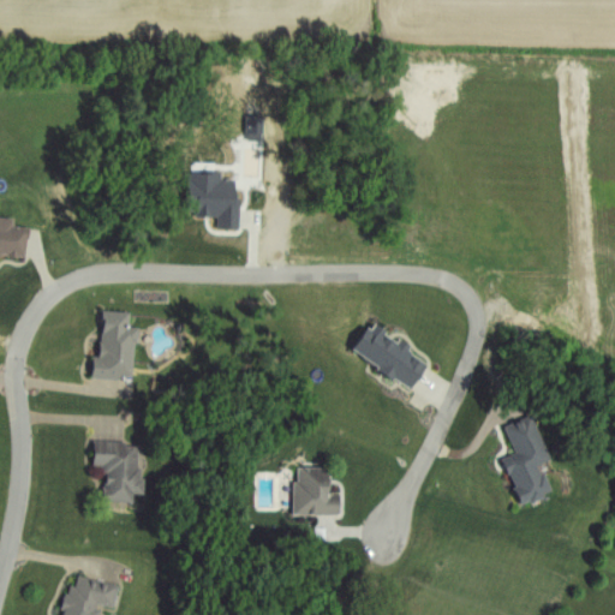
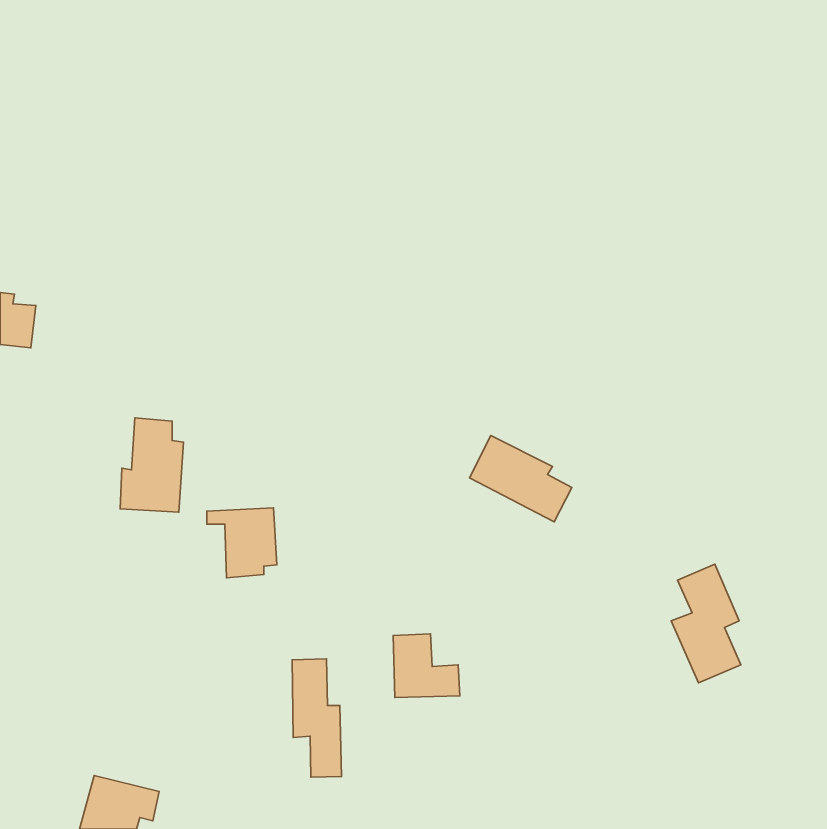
building: [185,171,240,228] -> none
building: [90,450,142,502] -> [207,508,277,578]
building: none -> [292,659,342,777]

